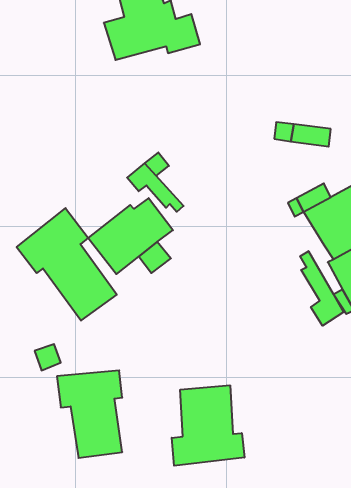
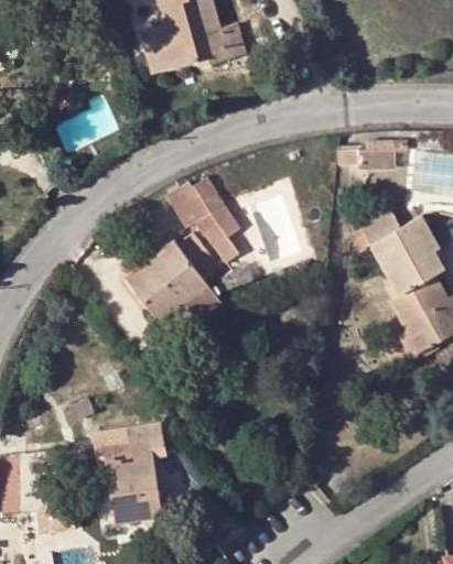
building: [17,208,117,321] -> none
building: [300,251,344,326] -> none
building: [172,385,244,466] -> none

